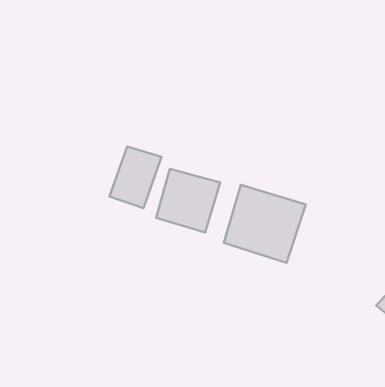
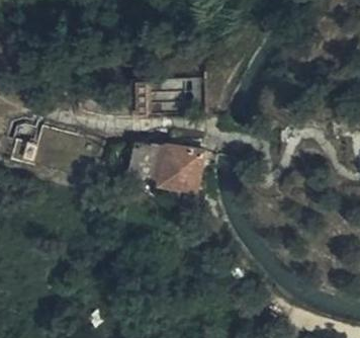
building: [224,185,306,263] -> none

